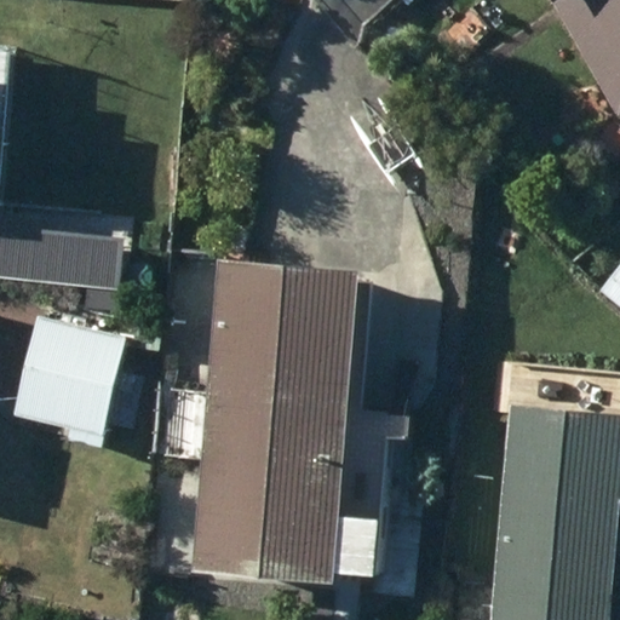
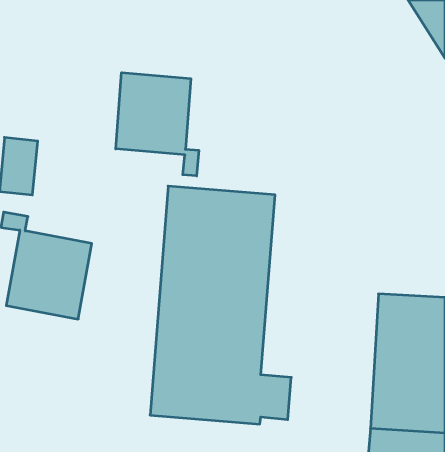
building: none -> [116,73,199,176]

